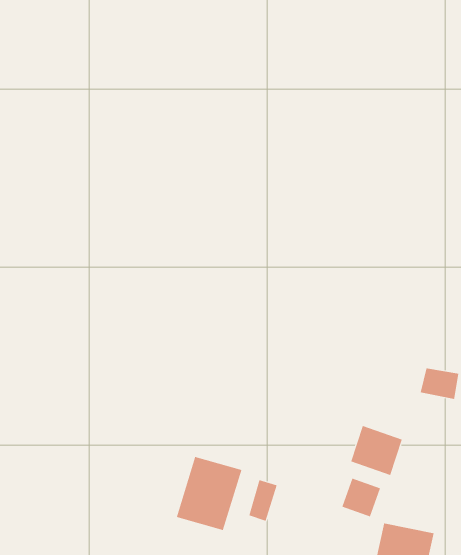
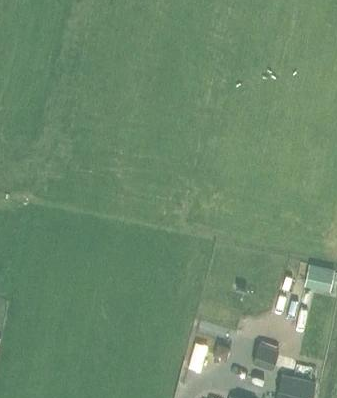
building: [350,425,403,476] -> none
building: [176,456,242,531] -> none

